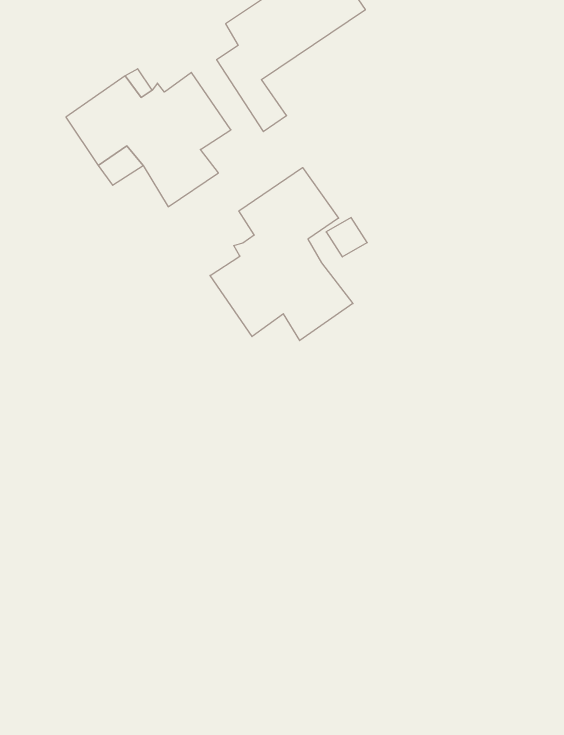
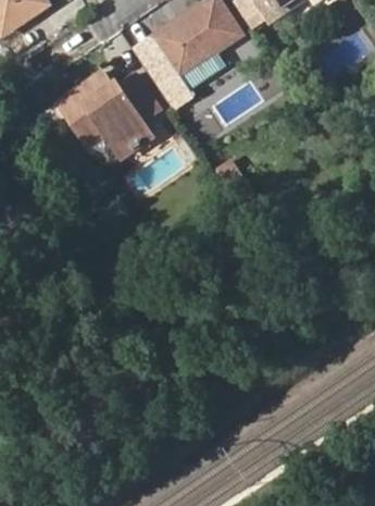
building: [210,168,353,341] -> none

